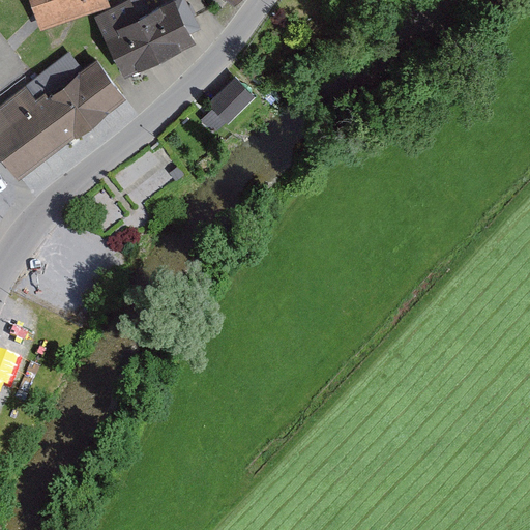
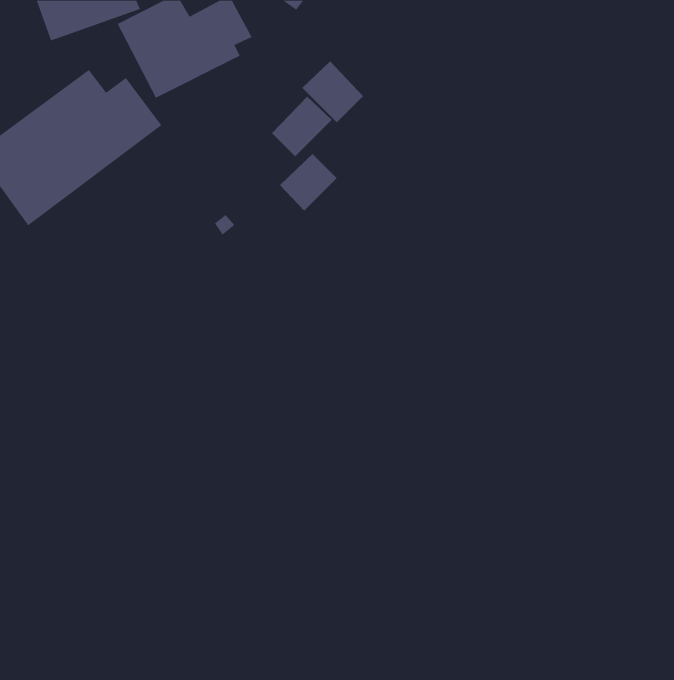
building: none -> [302,61,364,123]
building: none -> [279,153,337,211]

